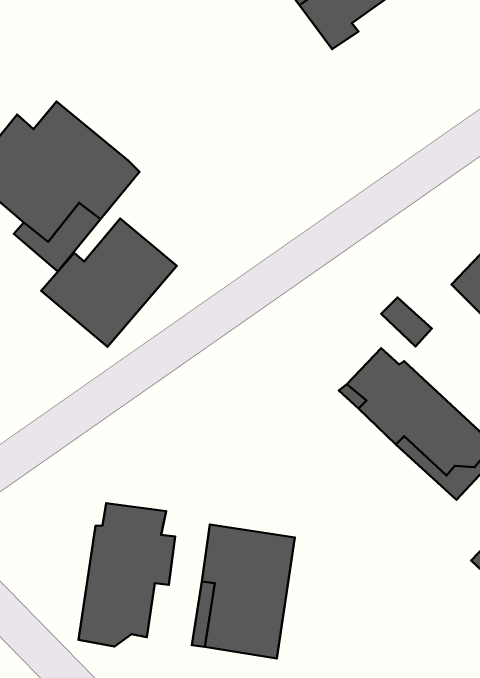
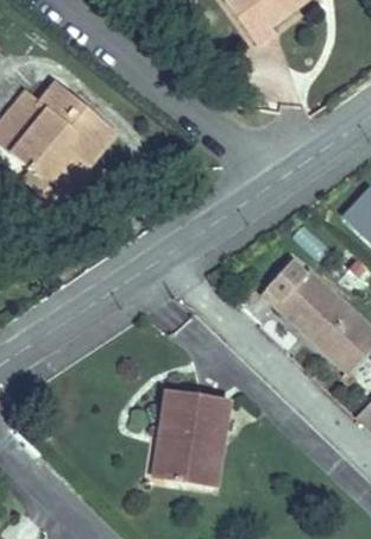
building: [41,218,177,347] -> none
building: [78,503,175,646] -> none

